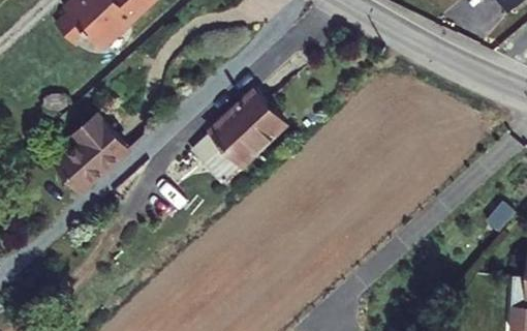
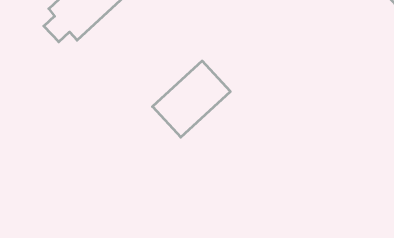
building: [59,114,128,189] -> none

